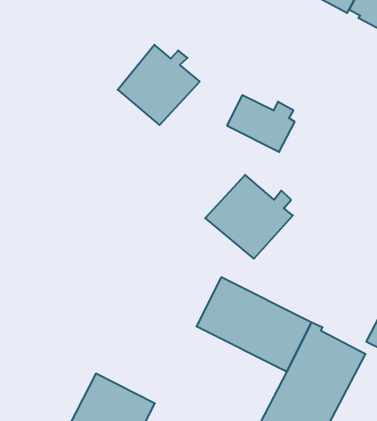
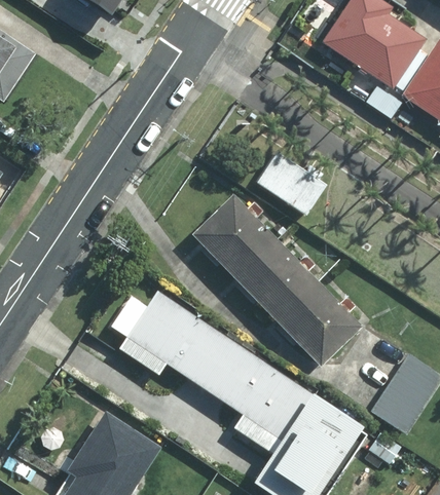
building: [118,45,200,125] -> [189,194,270,273]
building: none -> [269,280,356,365]
building: none -> [133,284,235,378]

